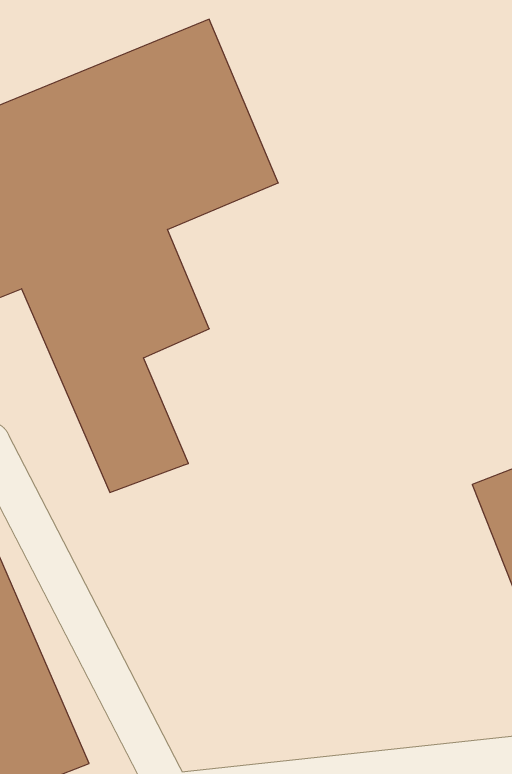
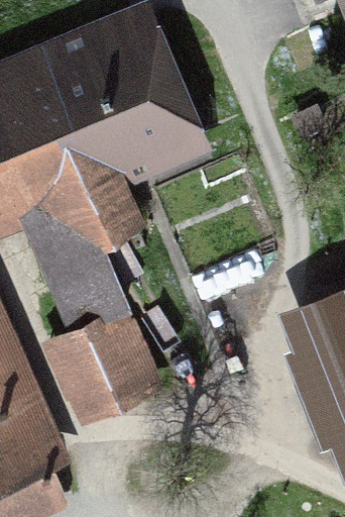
building: none -> [52,312,155,415]

